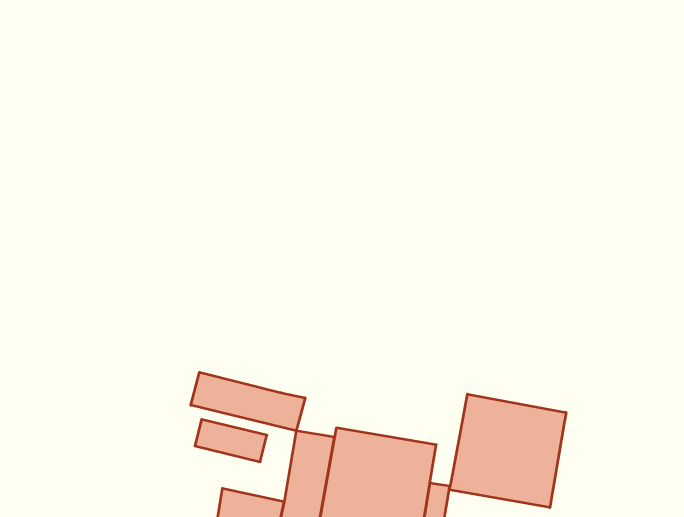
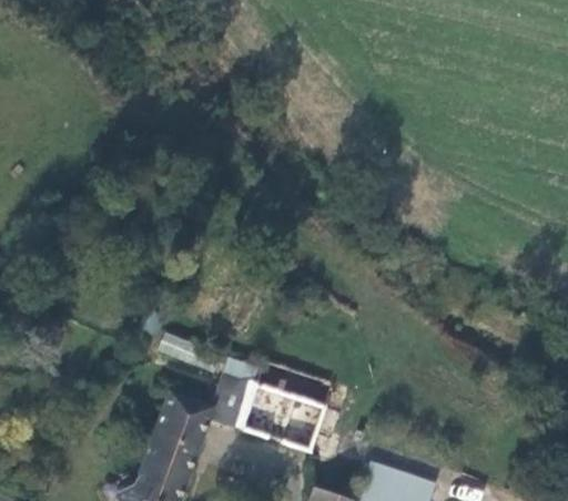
building: [191,372,305,431] -> none
building: [449,394,566,508] -> none

